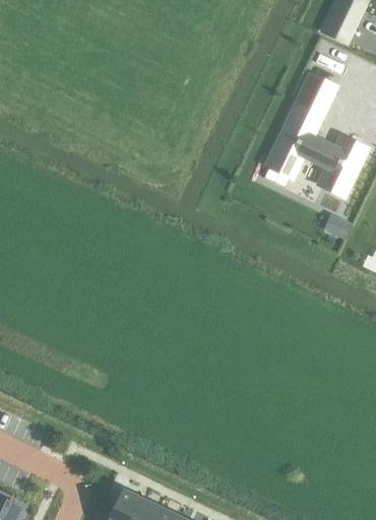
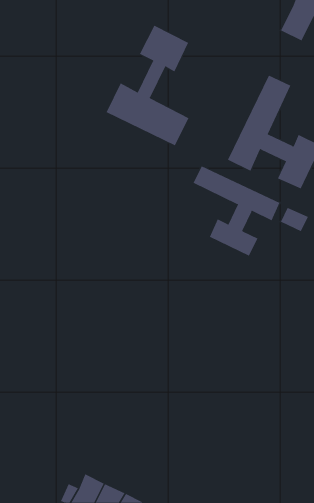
building: none -> [106,25,189,146]
building: none -> [193,166,280,256]

